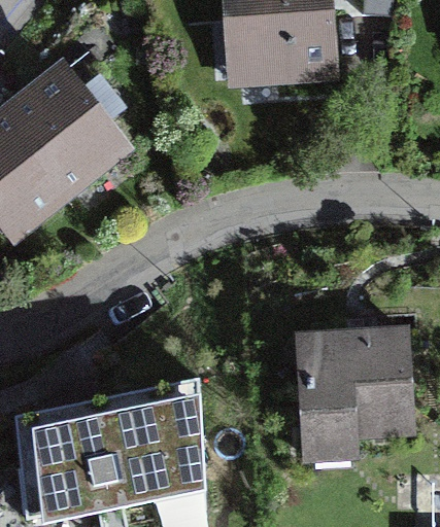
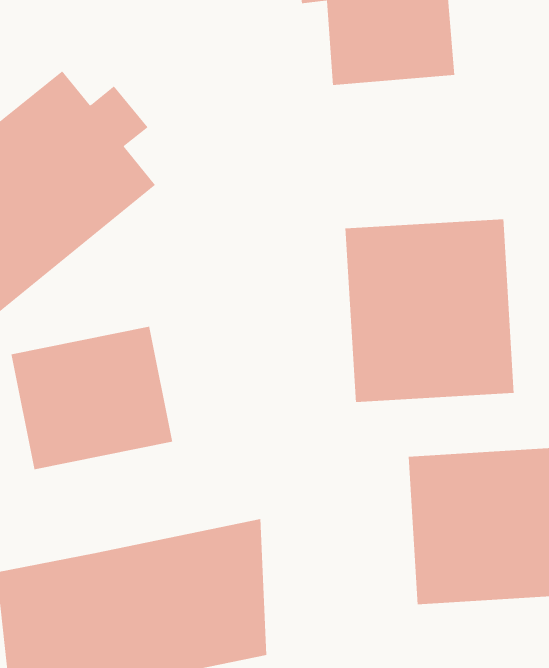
building: none -> [345,218,514,403]
building: none -> [11,326,173,470]

